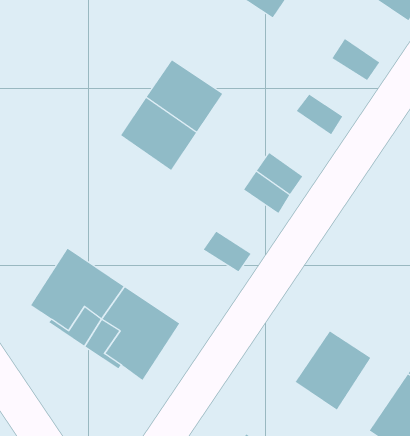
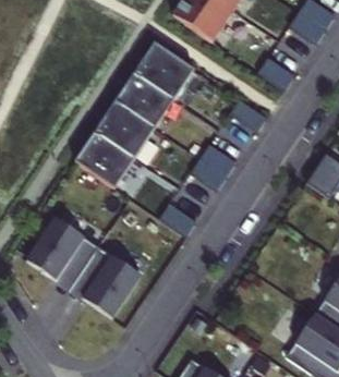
building: none -> [134,42,194,99]
building: none -> [74,131,134,188]
building: [295,331,371,411] -> none

